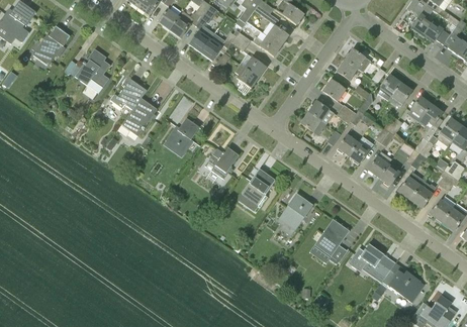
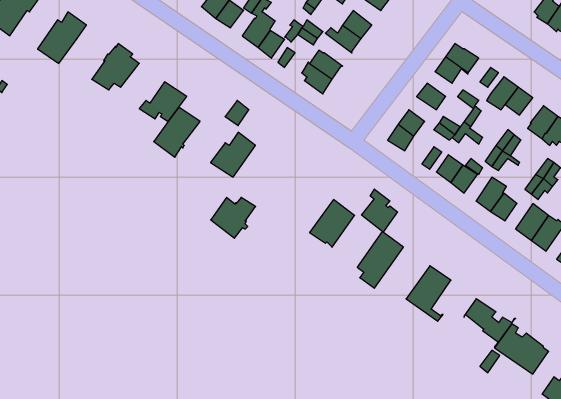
building: [204,147,239,179] -> [211,197,256,238]
building: none -> [362,189,397,232]

